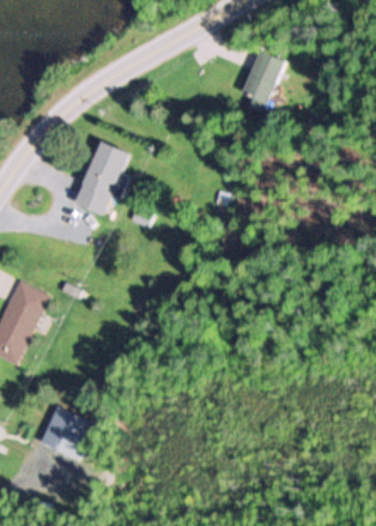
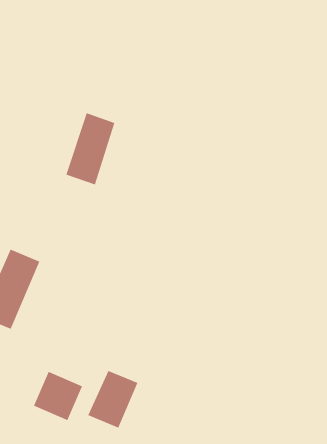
building: [243,52,284,113] -> none
building: none -> [87,370,138,428]

